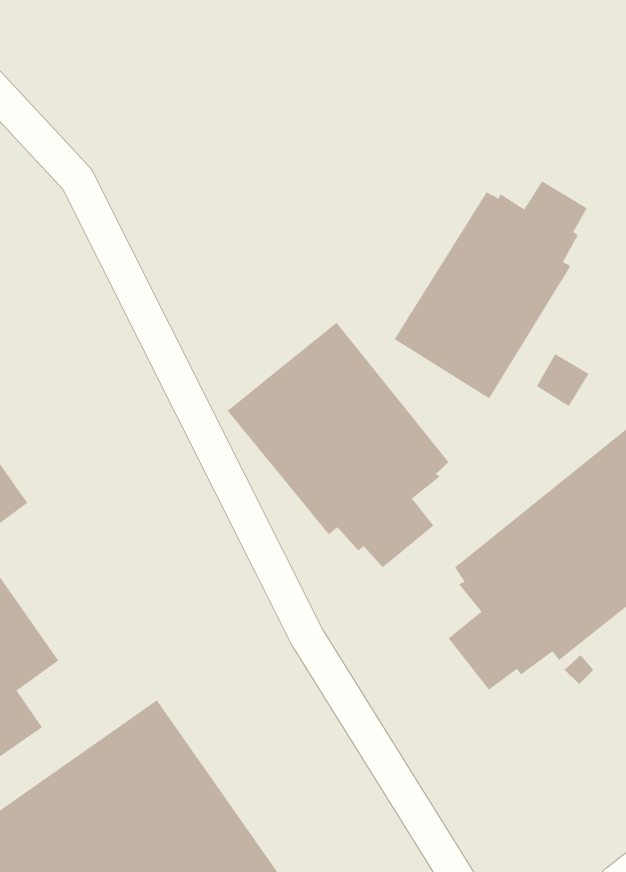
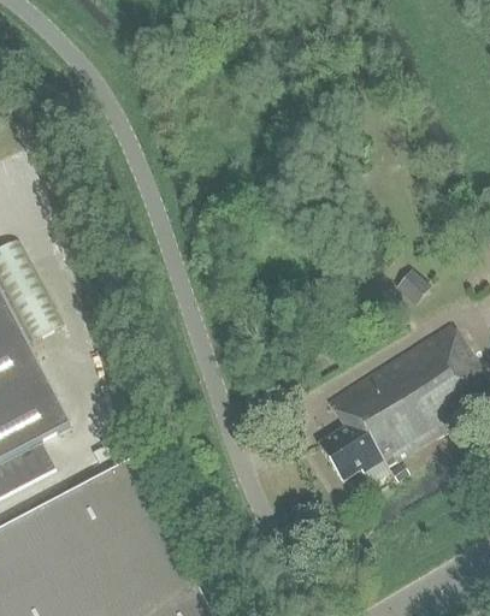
building: [394,180,587,399] -> none
building: [227,322,449,568] -> none

